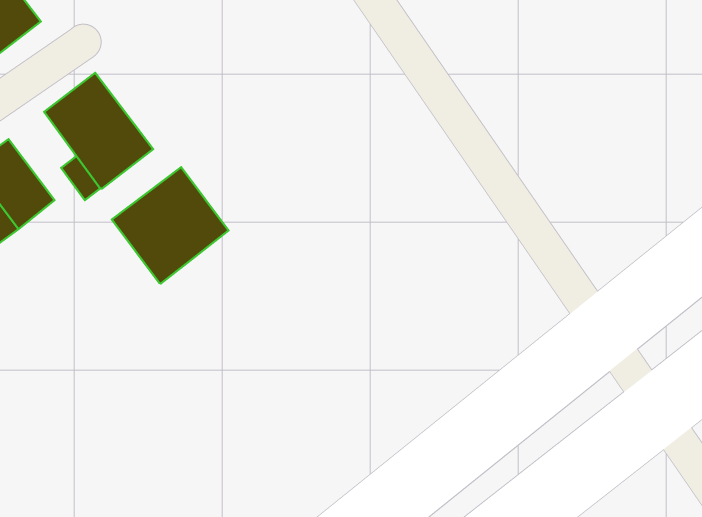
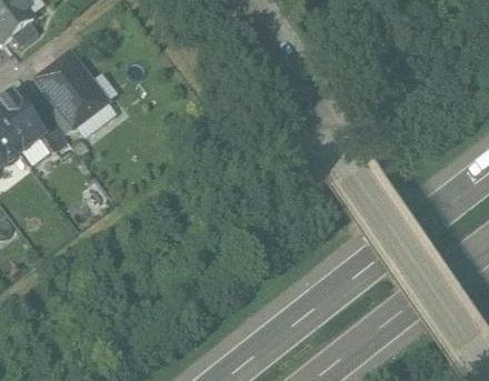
building: [112,167,228,284] -> none

